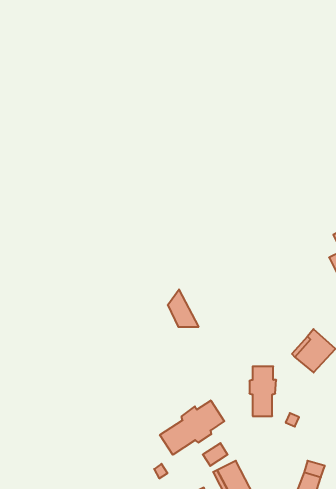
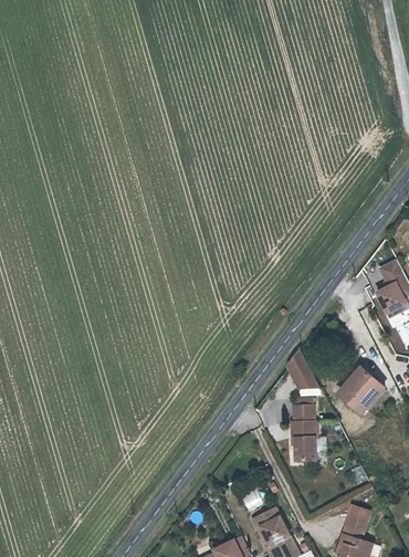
building: [168,289,199,327] -> [286,349,319,389]
building: [160,400,224,455] -> none

